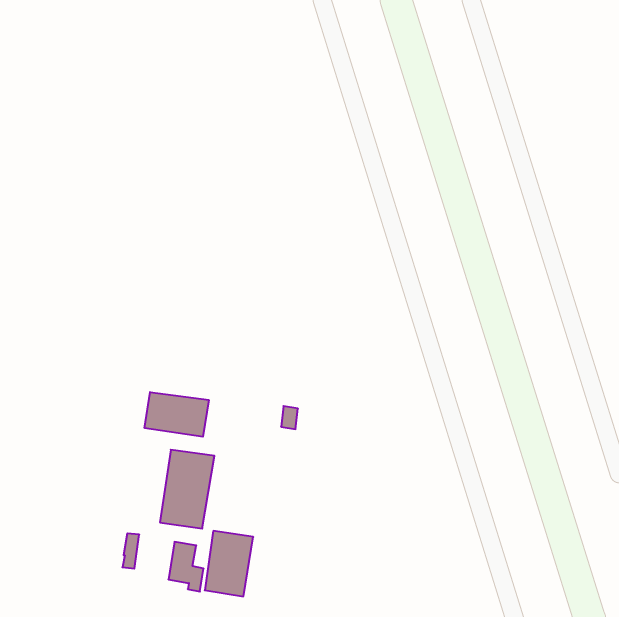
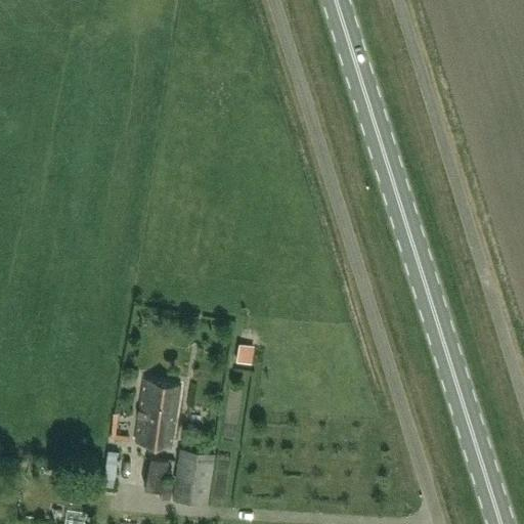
building: [145,392,209,437] -> none

